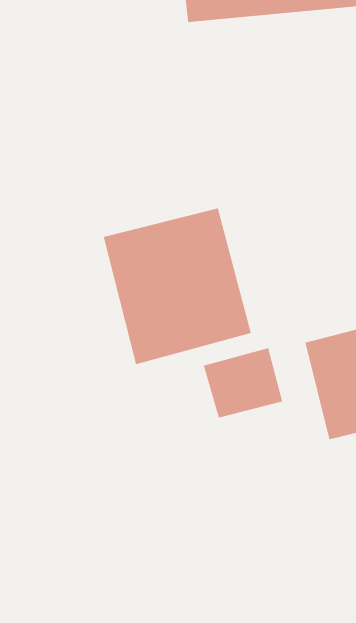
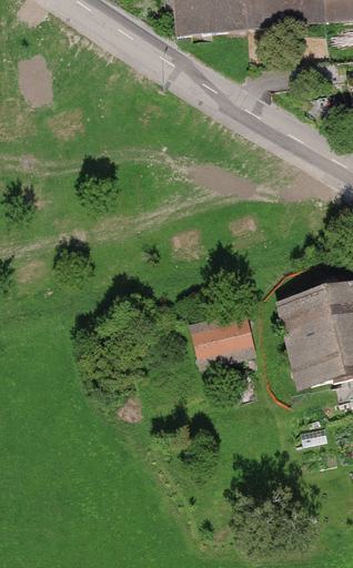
building: [103,207,252,365] -> none

